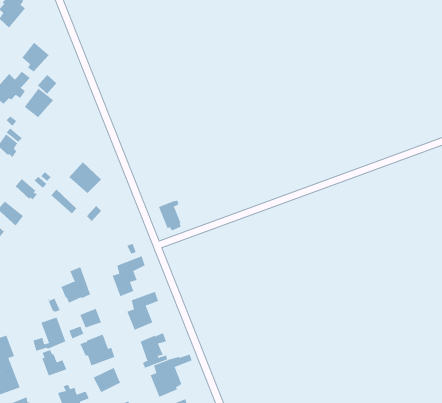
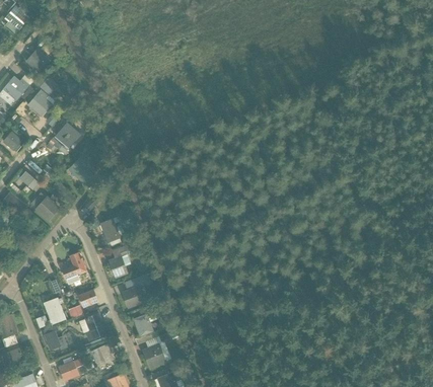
building: none -> [45,125,78,155]
building: [158,200,182,231] -> [98,217,120,245]
building: none -> [29,192,59,221]

